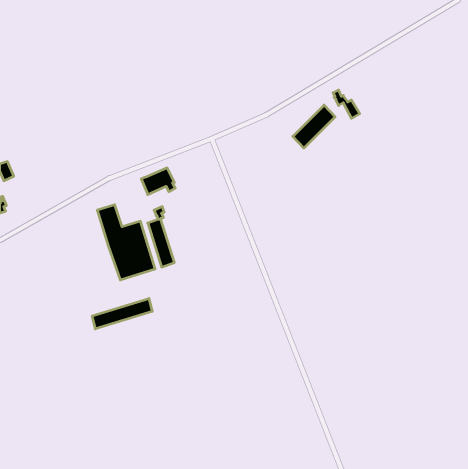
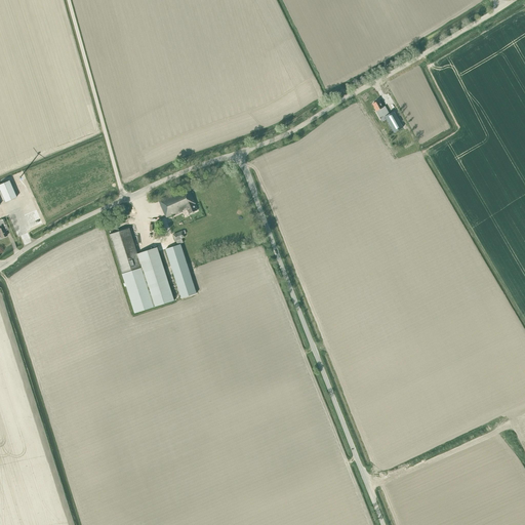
building: [293,105,335,148] -> none
building: [92,298,152,329] -> none

